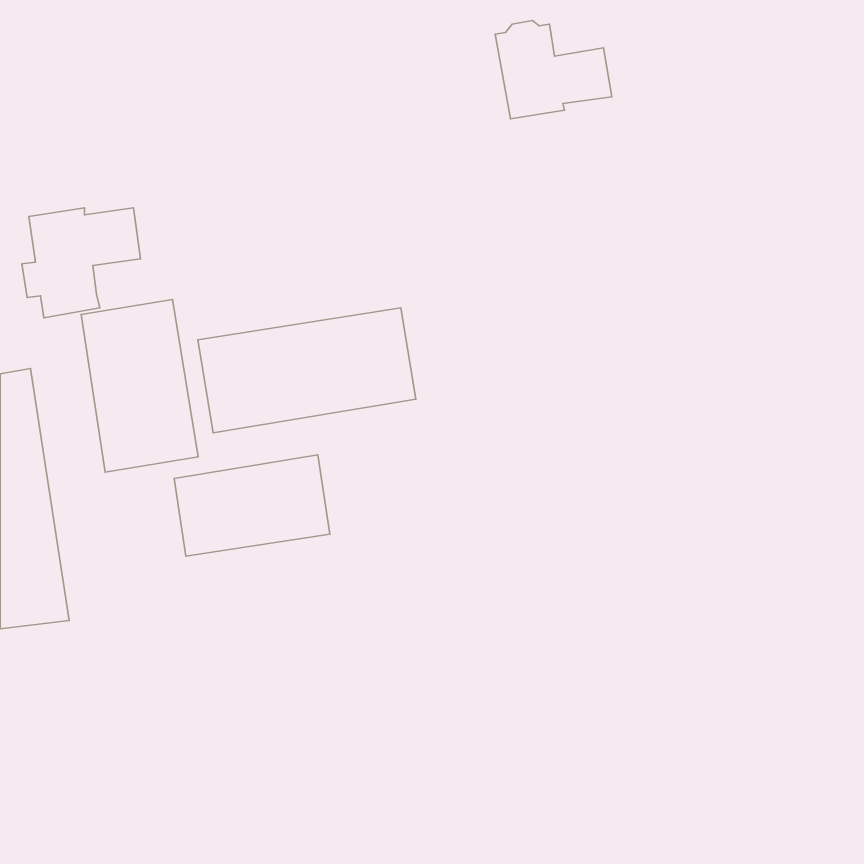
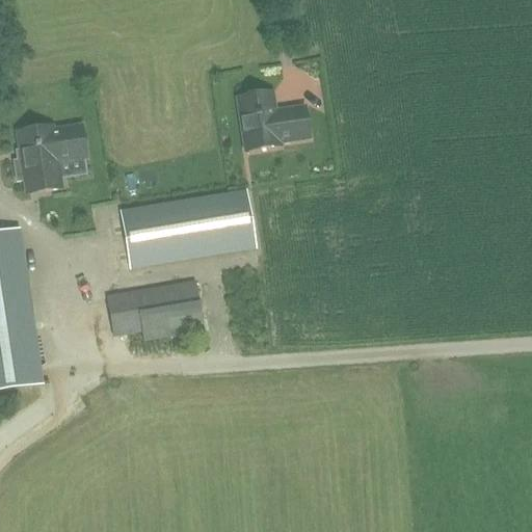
building: [495,21,612,119] -> [237,88,309,149]
building: [81,299,198,472] -> none

